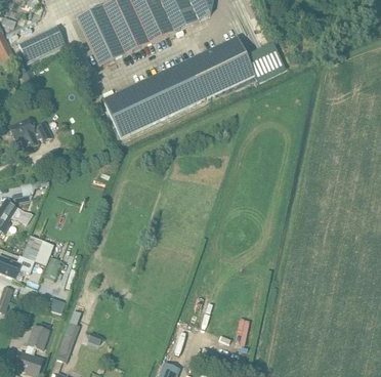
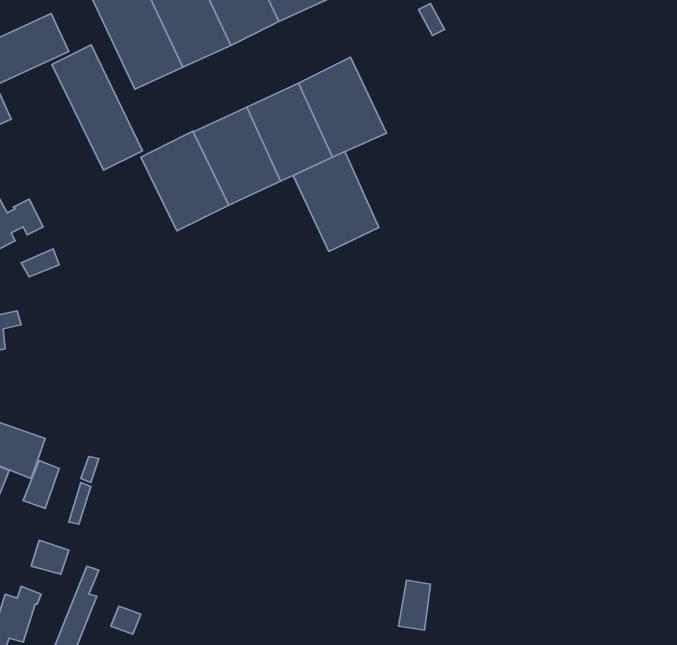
building: [210,37,254,88] -> [293,152,379,251]
building: none -> [52,45,143,170]

